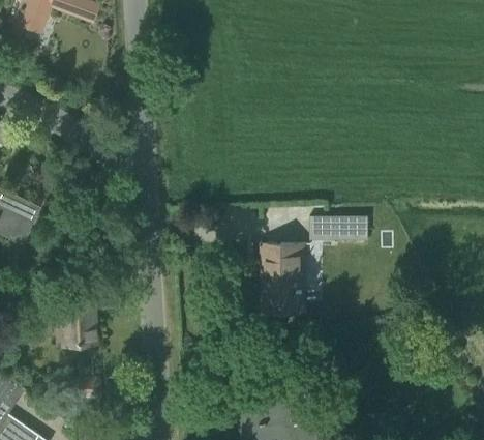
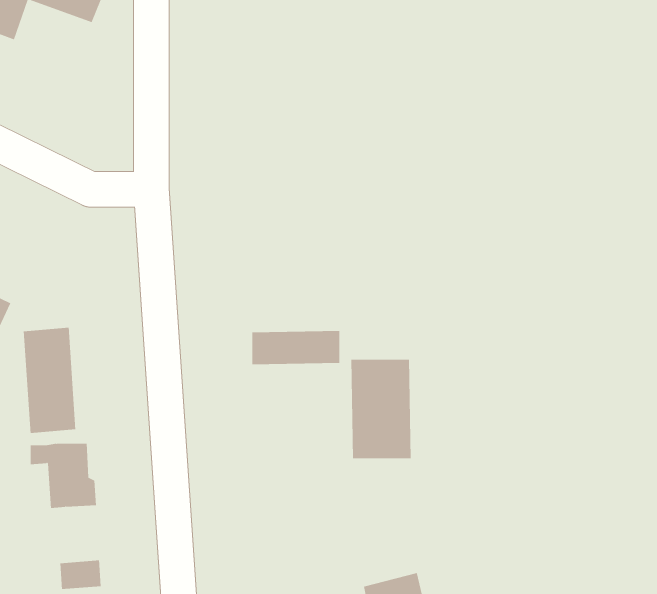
building: [310,216,369,239] -> [252,331,340,365]
building: none -> [23,327,76,434]

